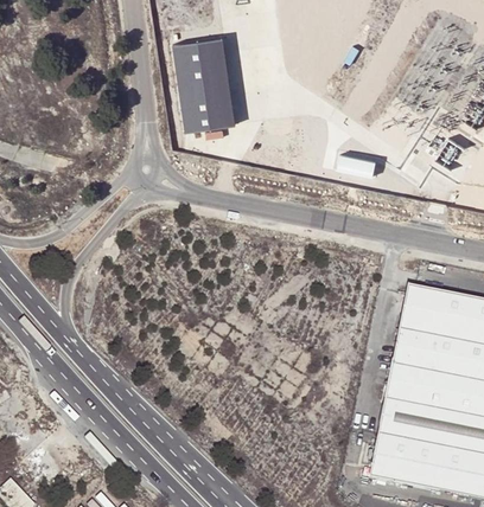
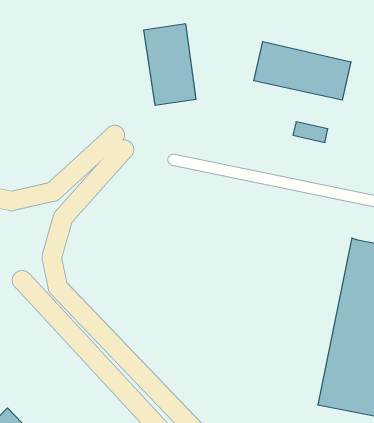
building: none -> [254,41,351,100]

